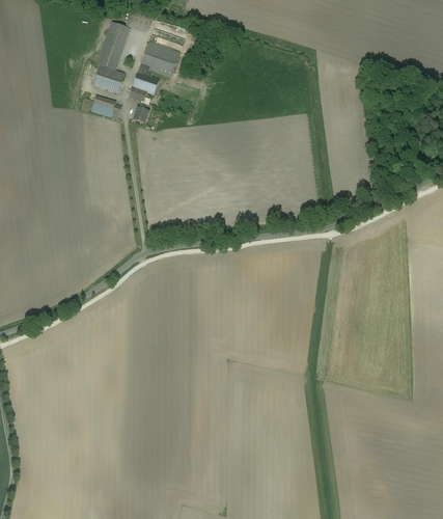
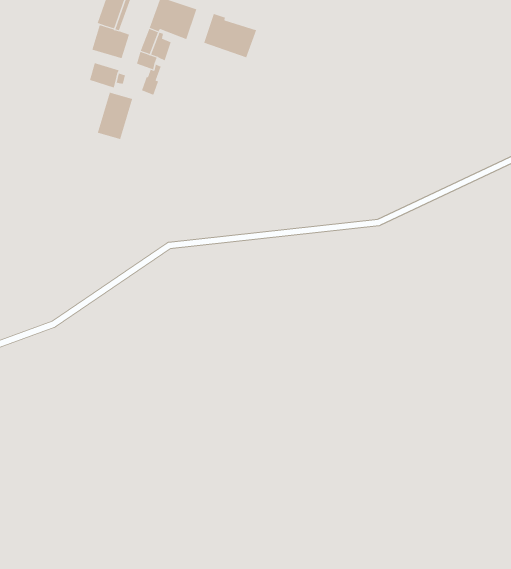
building: none -> [204,13,257,58]
building: none -> [97,92,133,140]

